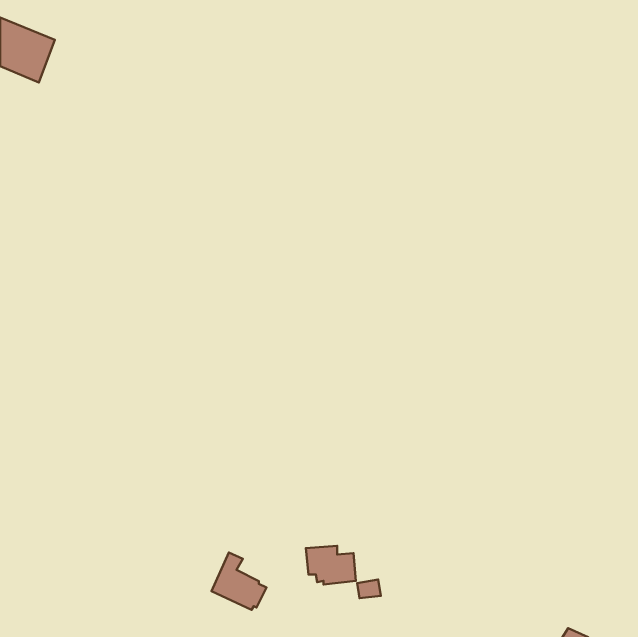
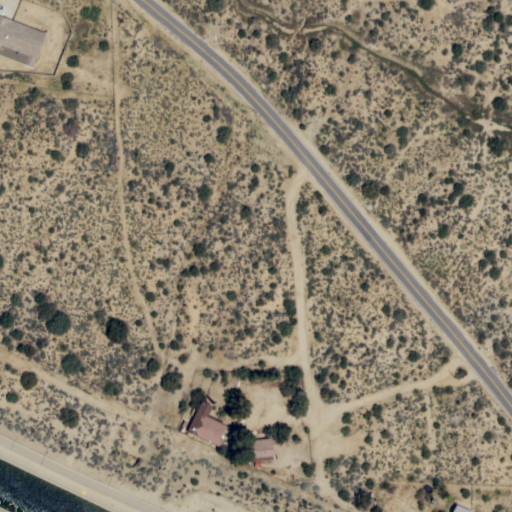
building: [211,553,266,610] -> [186,401,230,447]

